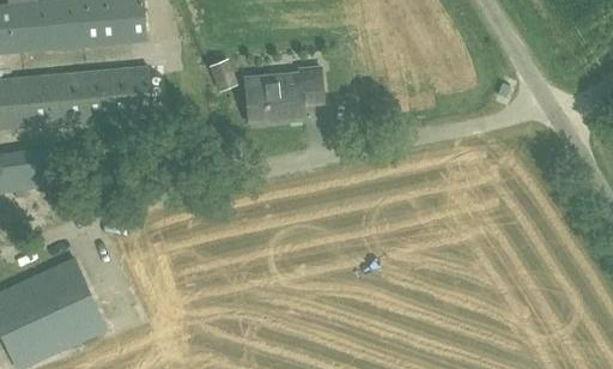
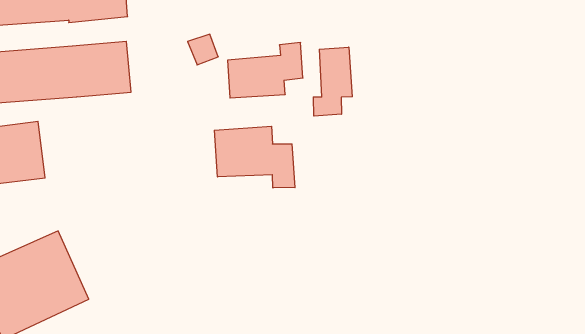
building: none -> [313,47,352,116]
building: none -> [214,126,295,188]

